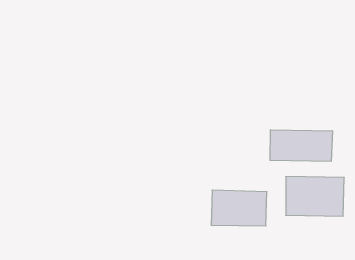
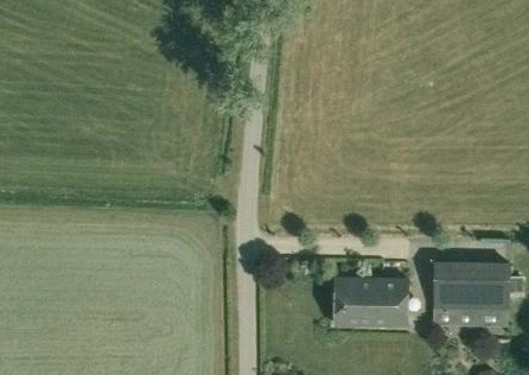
building: [270,130,332,161] -> none

